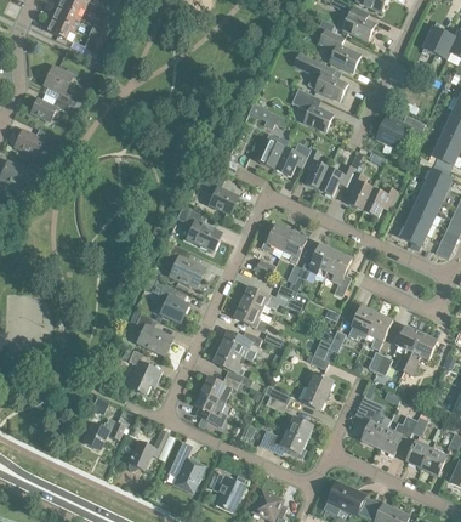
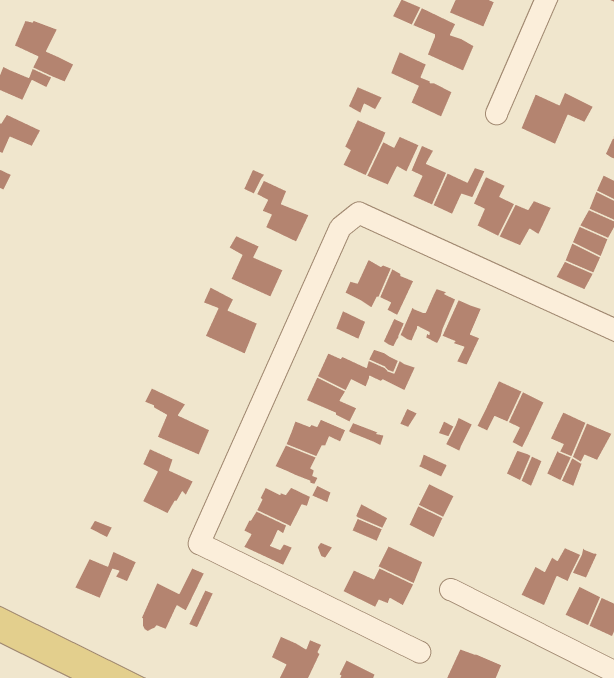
building: [150,279,188,323] -> none
building: [355,396,391,447] -> none
building: [170,455,204,492] -> none

